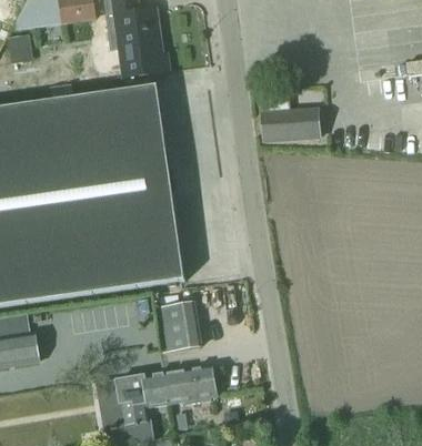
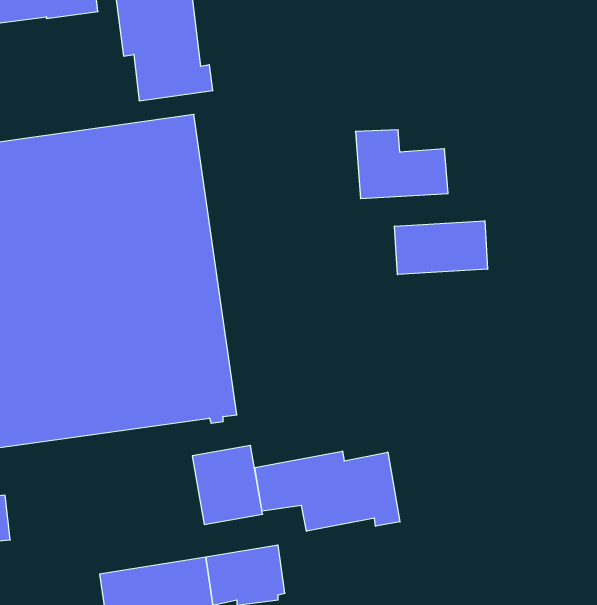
building: none -> [395,221,488,275]
building: none -> [255,451,400,531]

